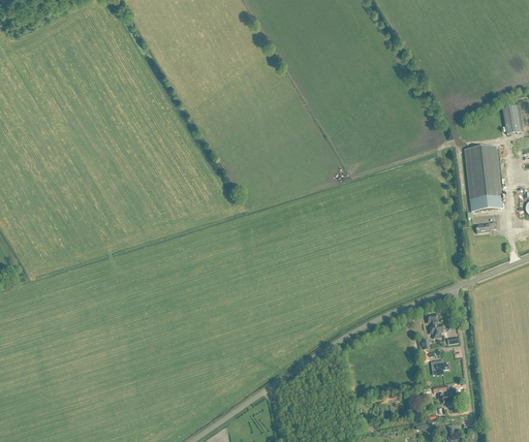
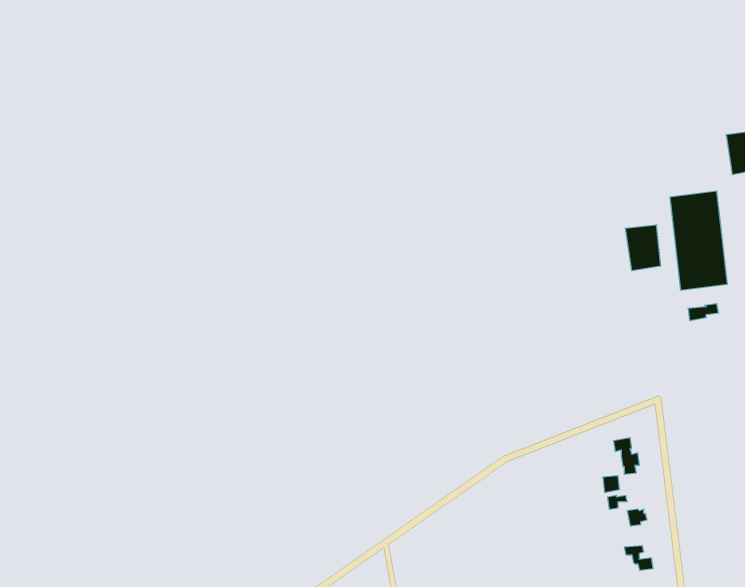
building: none -> [625,225,660,271]

